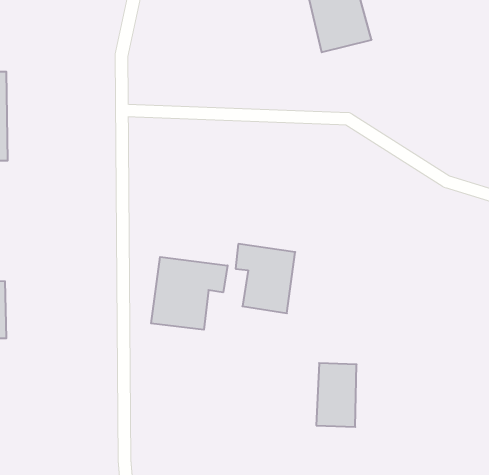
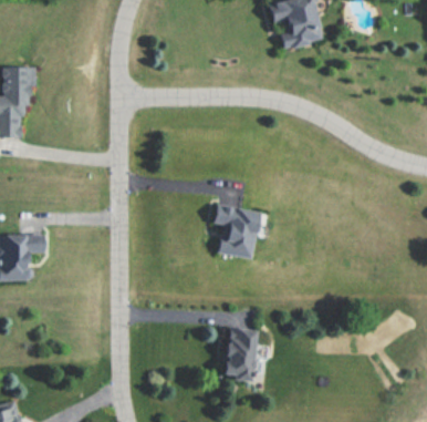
building: [151,257,228,330] -> none
building: [316,363,357,427] -> [222,329,254,380]

